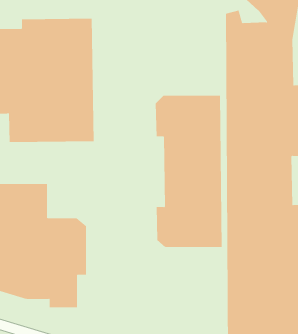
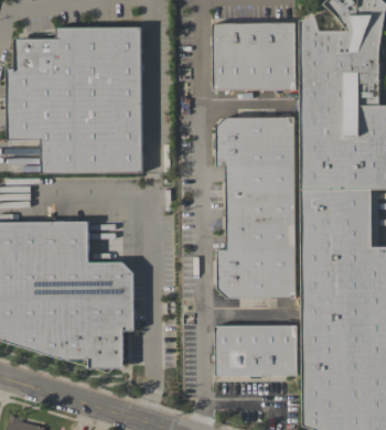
building: none -> [213,22,296,90]
building: none -> [214,325,298,376]

